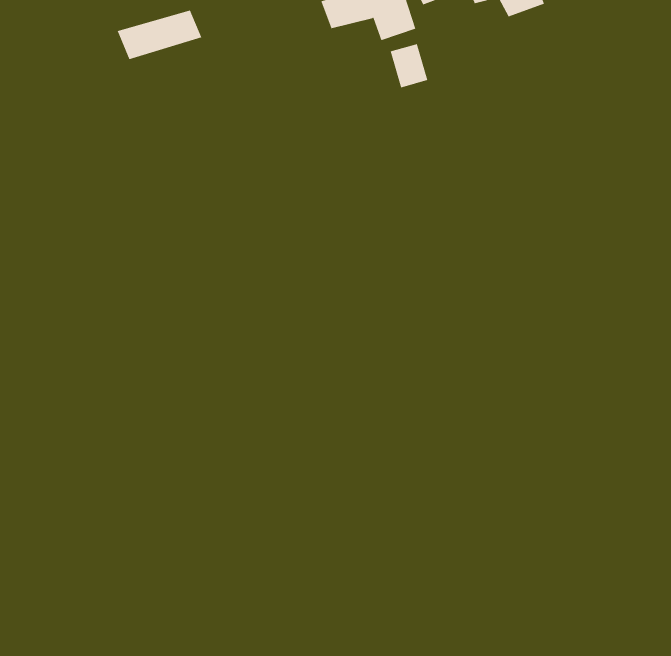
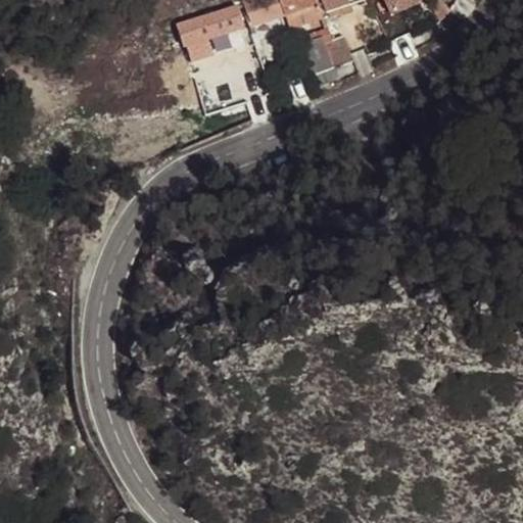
building: [117,10,202,60] -> [180,6,246,45]

